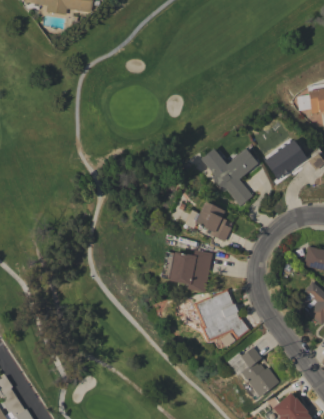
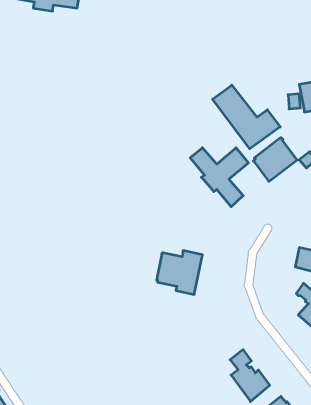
building: none -> [213,85,280,149]
building: [193,202,231,242] -> none
building: [193,289,251,342] -> none

